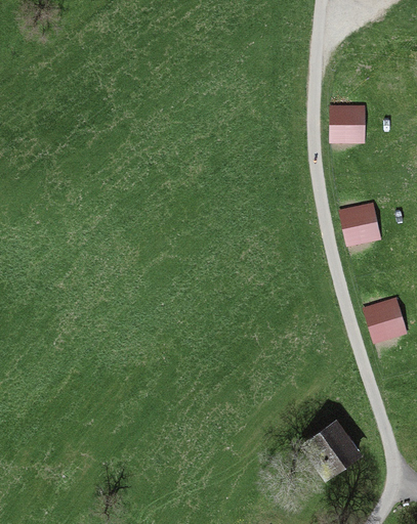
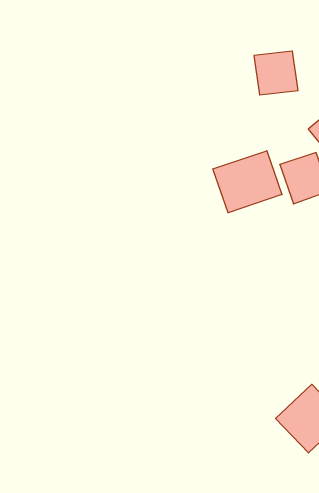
building: none -> [213,151,282,213]

